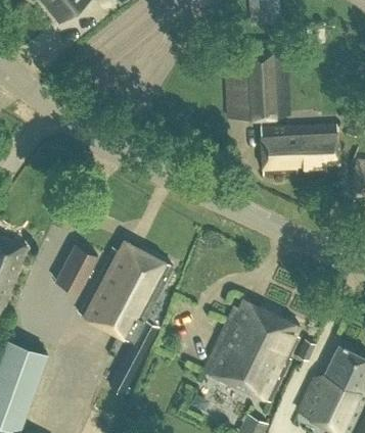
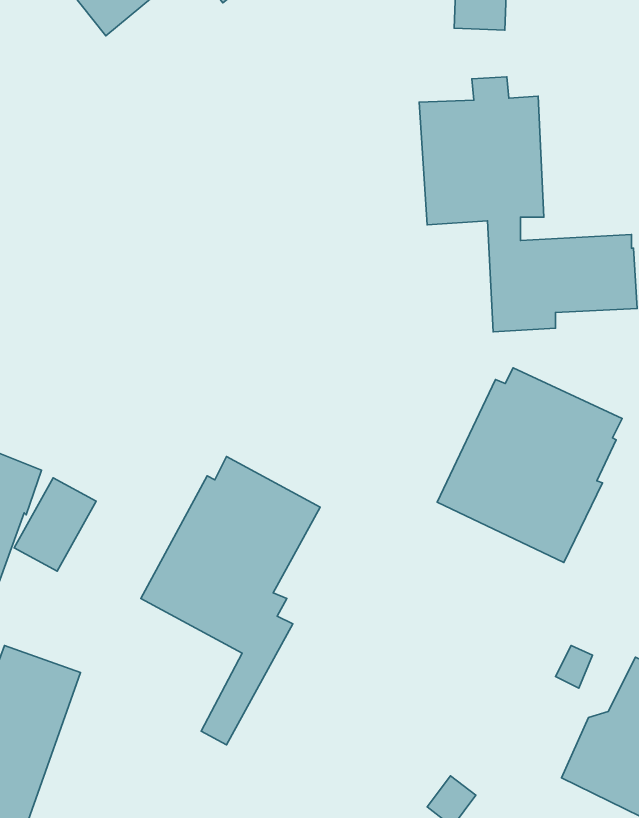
building: [54,245,97,294] -> [14,478,96,571]
building: [203,300,301,402] -> [437,368,622,563]

